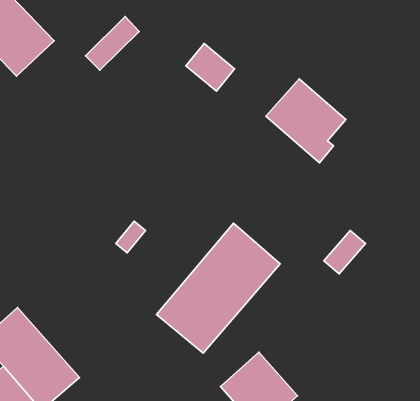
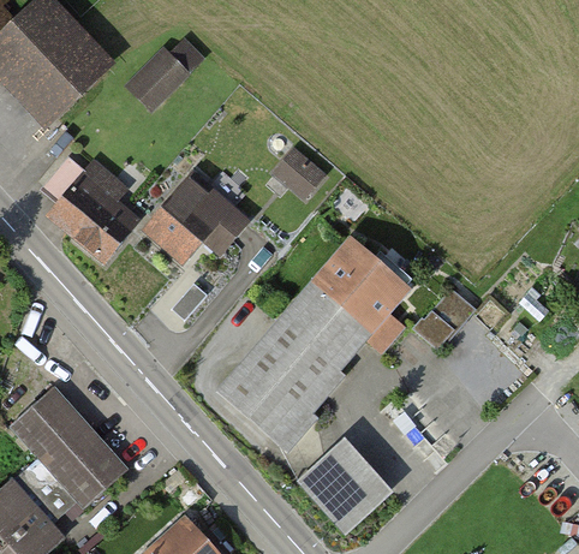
building: [186,43,235,91] -> [270,145,328,202]
building: [266,79,346,163] -> [311,242,406,341]
building: none -> [46,160,141,262]
building: none -> [144,173,249,262]

